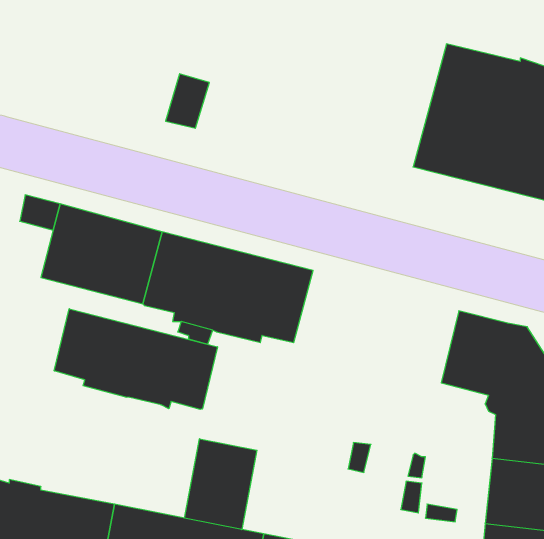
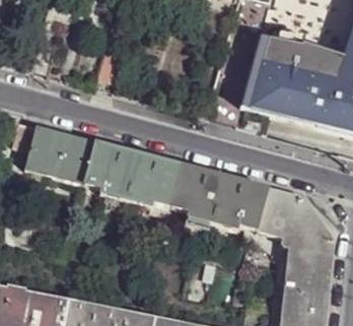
building: none -> [171,164,267,229]
building: [54,309,217,409] -> none
building: [185,439,257,530] -> none

